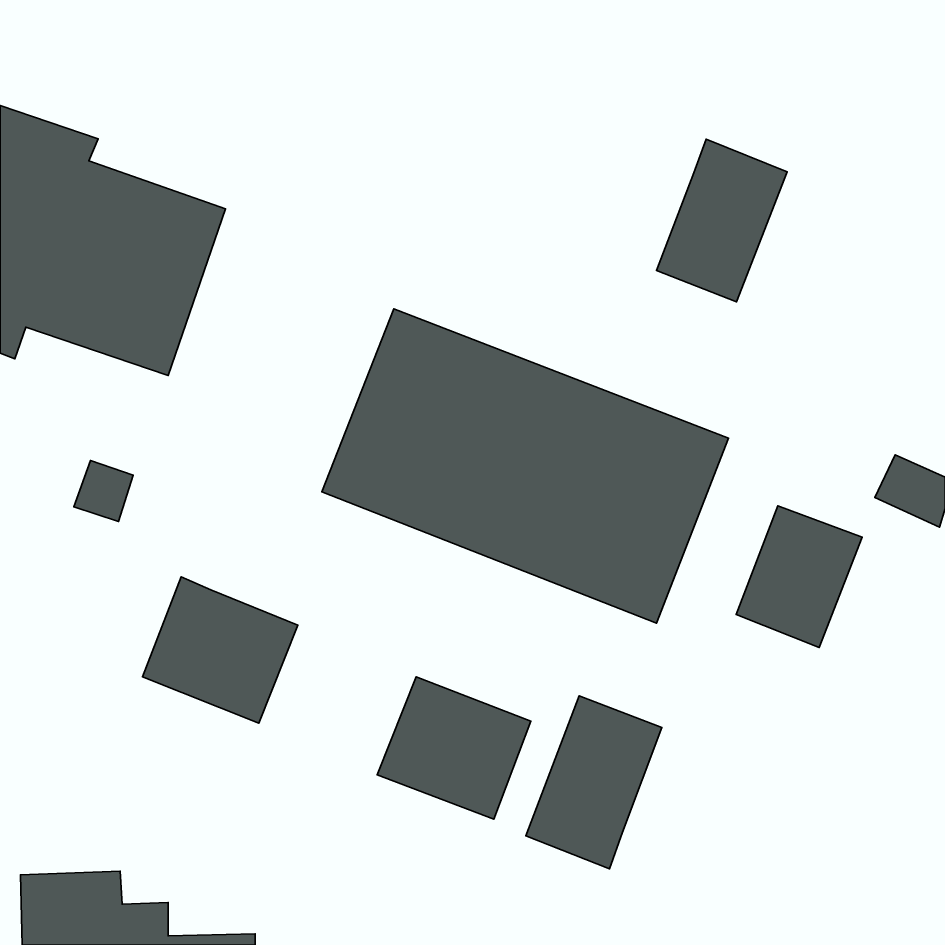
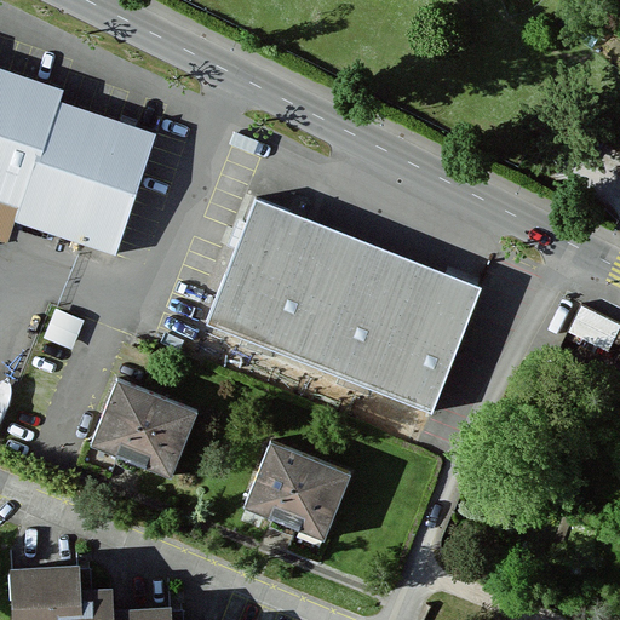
building: [656,139,787,302] -> none
building: [736,506,862,647] -> none
building: [526,696,662,869] -> none

